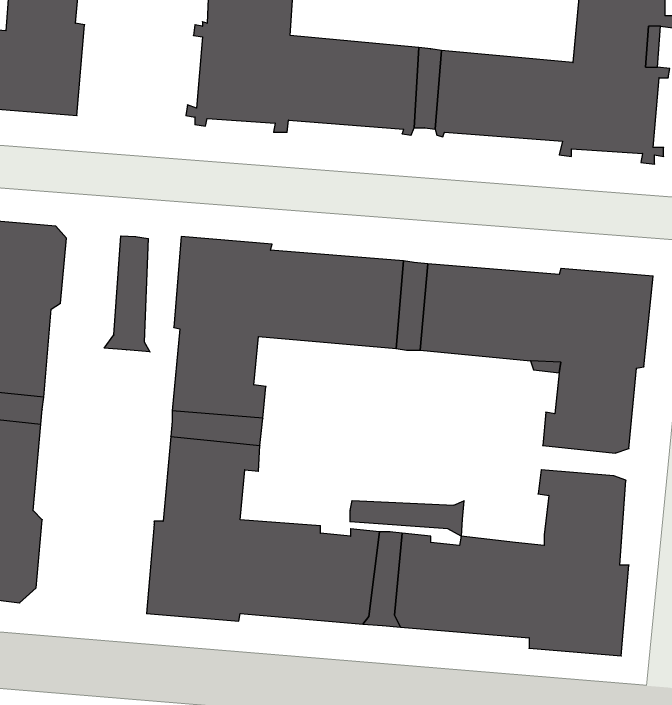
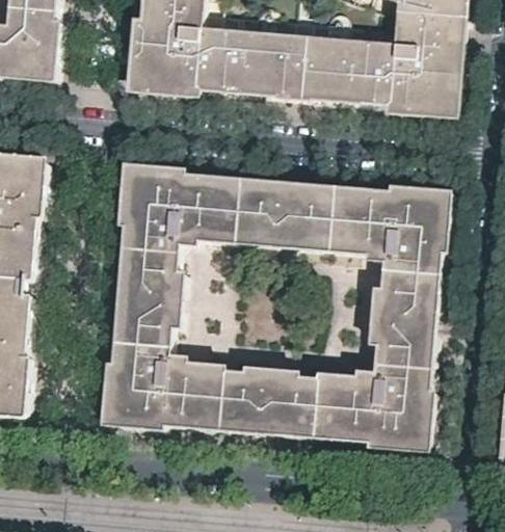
building: [104,236,150,352] -> none
building: none -> [373,309,433,332]
building: [350,501,464,536] -> none

